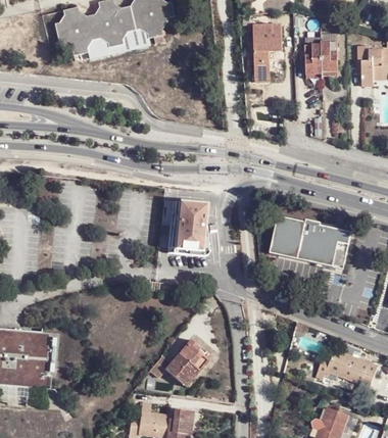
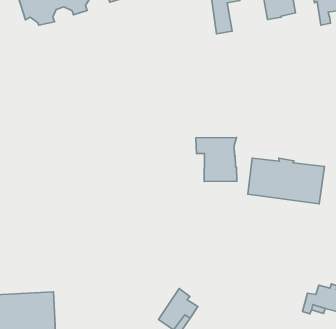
building: [162,199,205,248] -> [196,137,237,181]

